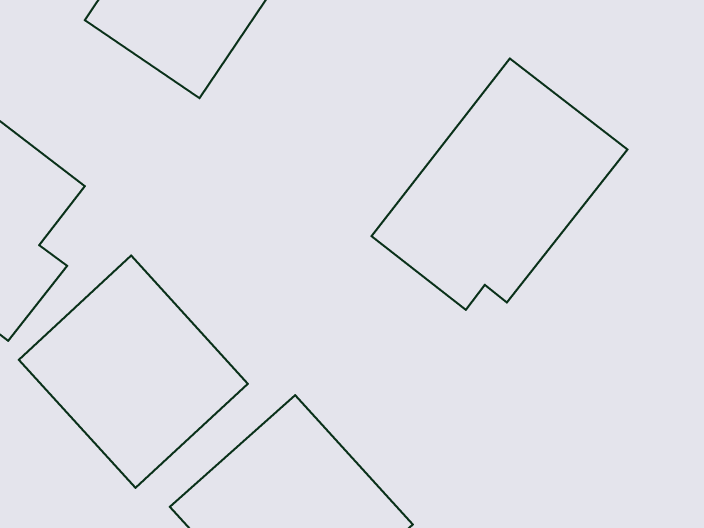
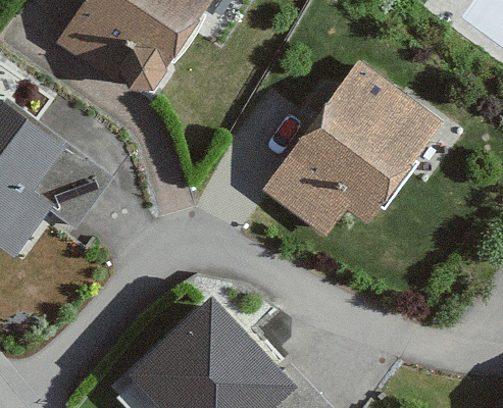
building: [19,256,248,488] -> none

